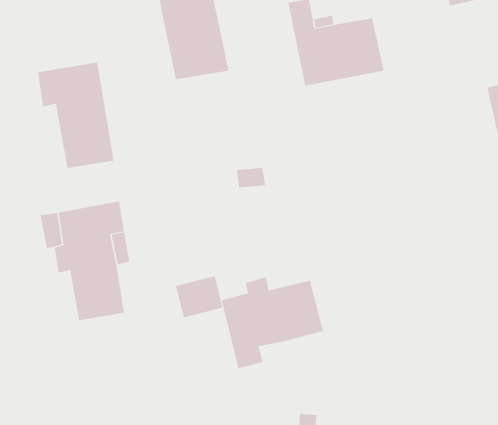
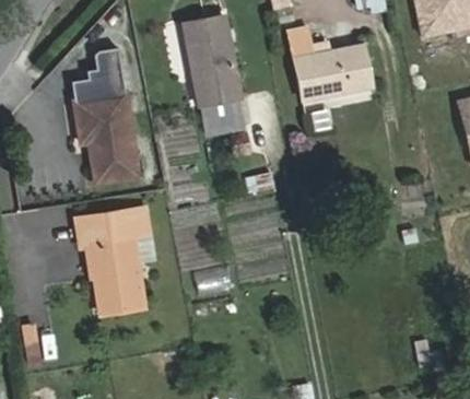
building: none -> [72,46,126,93]
building: none -> [191,92,243,130]
building: [221,277,324,369] -> none

